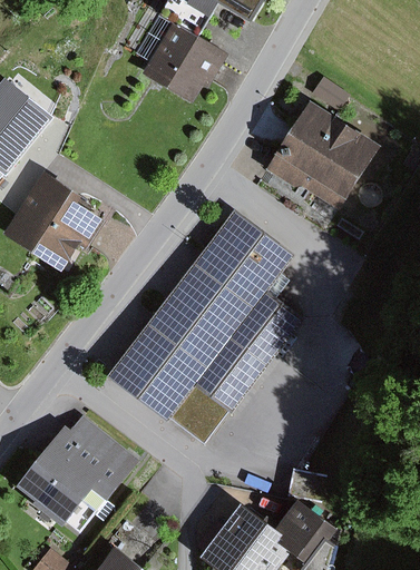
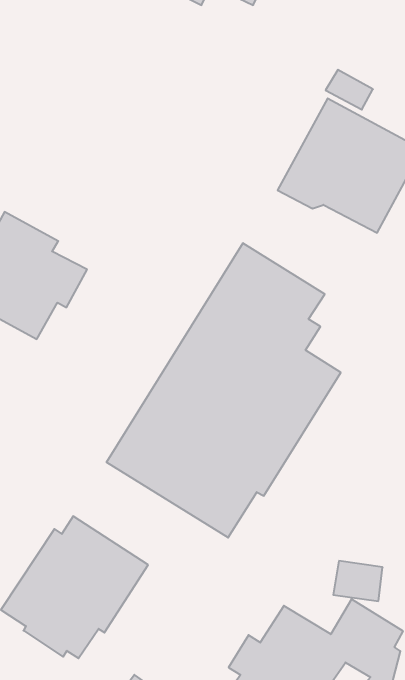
building: [141,22,227,104] -> none

